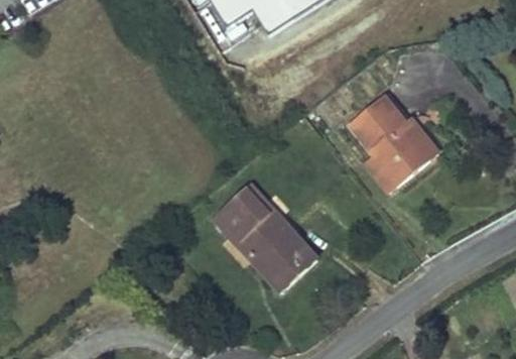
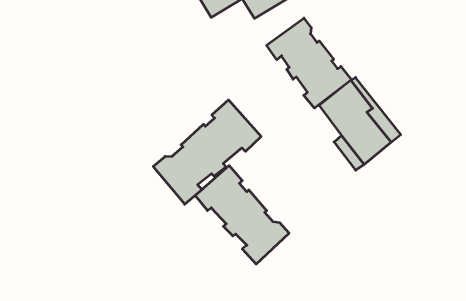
building: none -> [267,18,351,108]
building: none -> [153,100,261,204]

